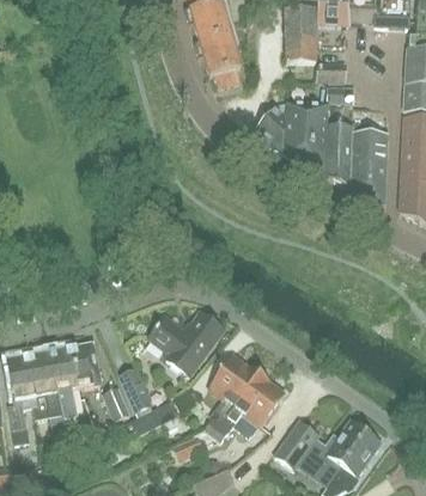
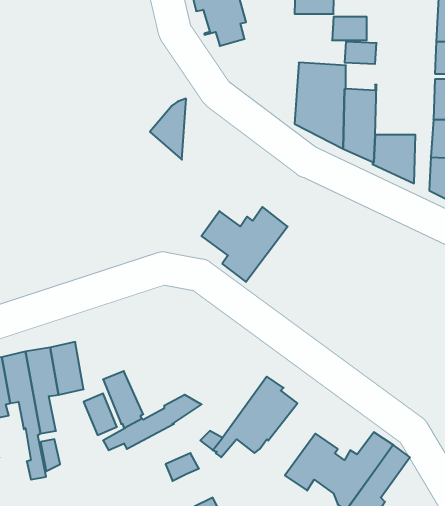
building: [255,100,286,153] -> [150,99,186,160]
building: [352,120,388,163] -> none
building: [148,311,223,375] -> [201,207,288,282]
building: [208,354,258,415] -> none

